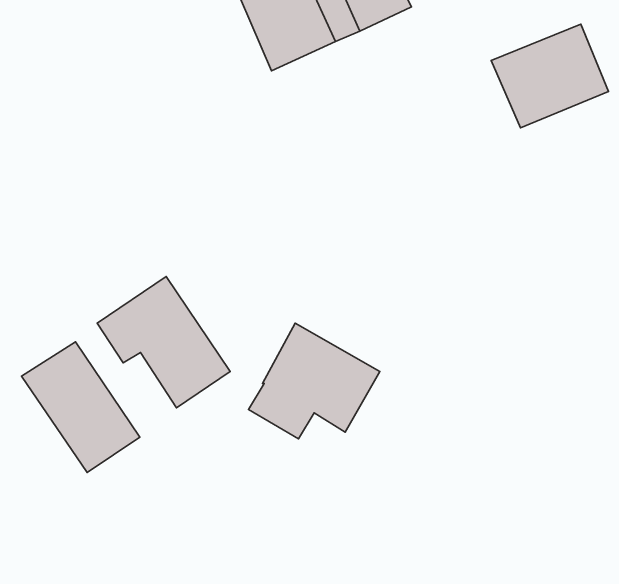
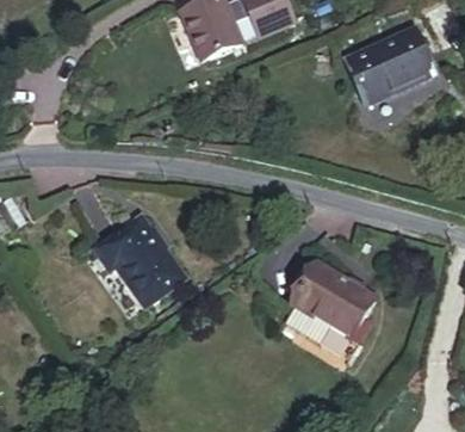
building: [249,323,380,439] -> [287,261,378,341]
building: [21,342,140,473] -> none

